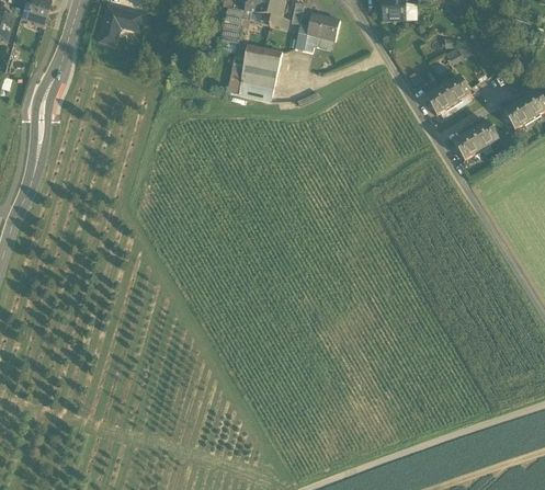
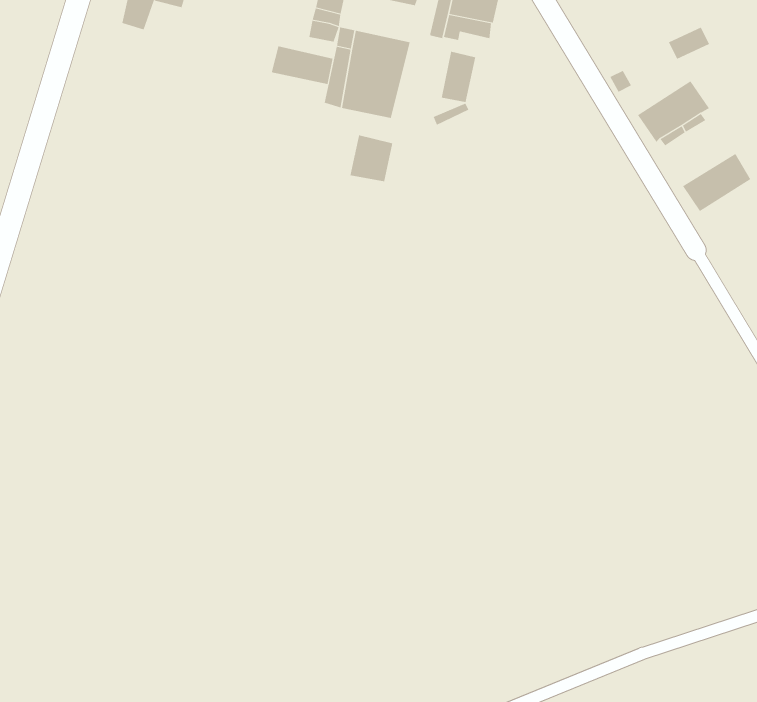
building: none -> [271,46,333,85]
building: none -> [441,51,476,103]
building: none -> [350,135,393,182]

